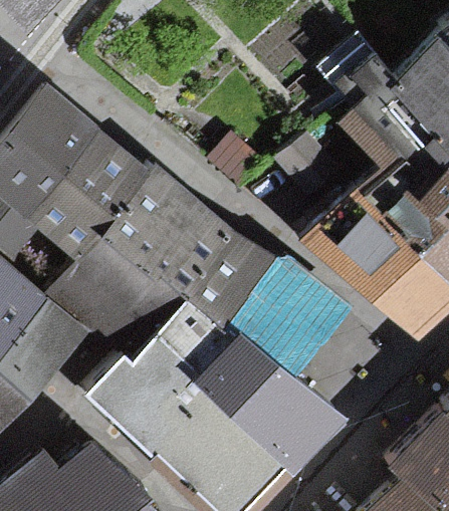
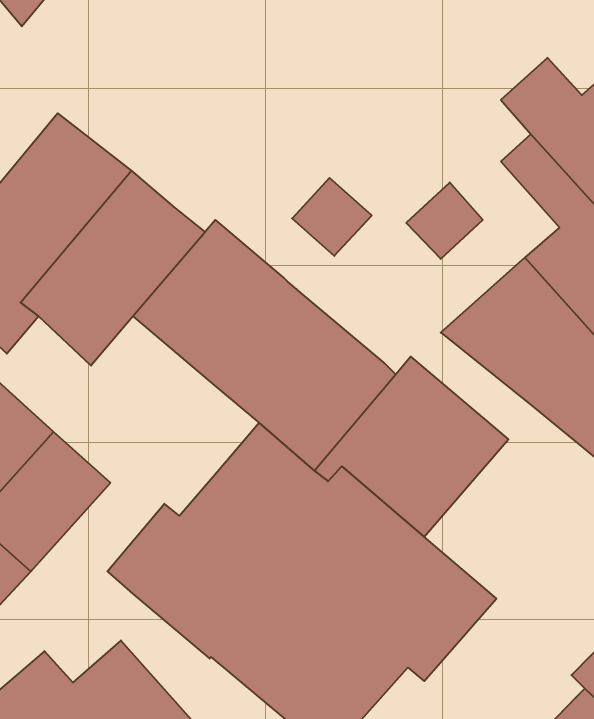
building: [42,224,180,357] -> none

